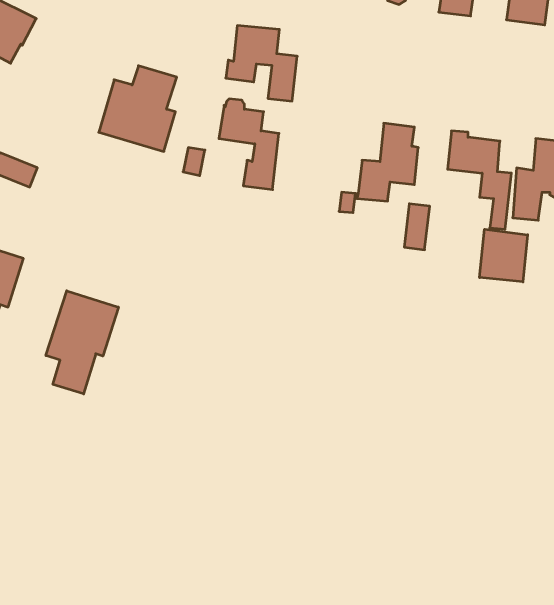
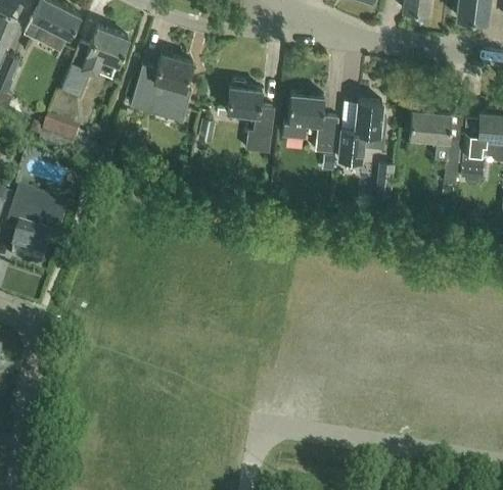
building: [226,26,297,101] -> [281,94,338,154]
building: none -> [58,24,130,98]
building: [480,229,528,282] -> none
building: [46,291,118,394] -> none

